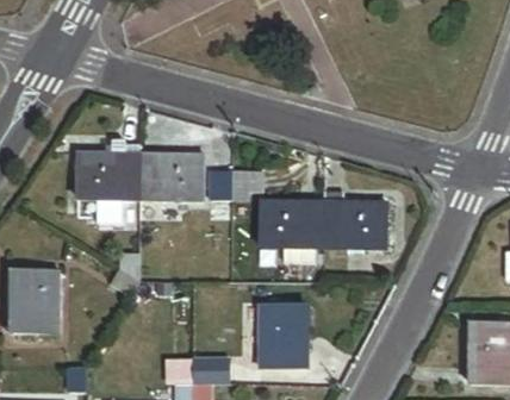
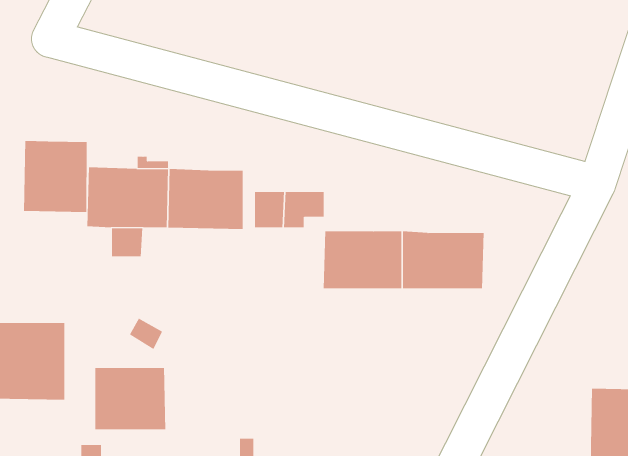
building: none -> [24,140,87,213]
building: [259,306,305,367] -> none
building: none -> [95,367,166,430]

